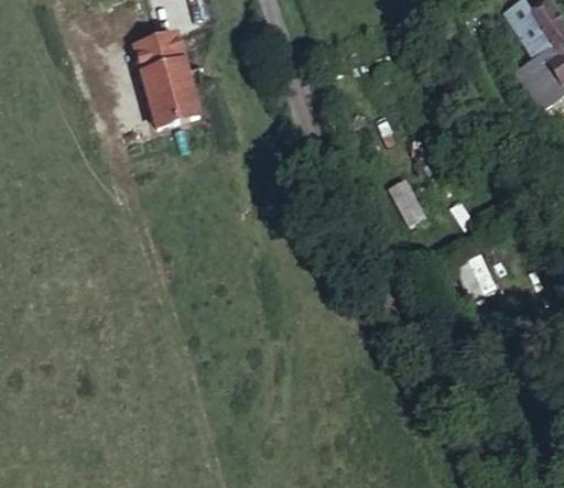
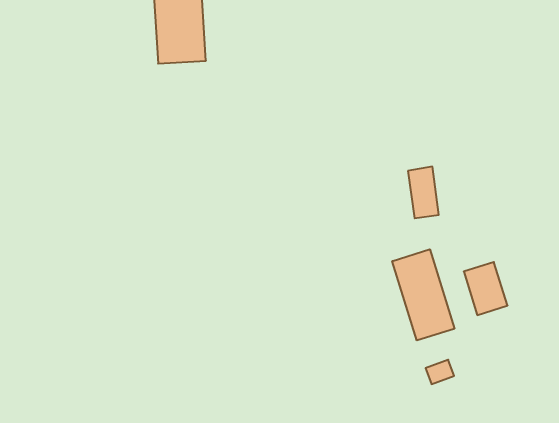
building: none -> [392,249,454,340]

